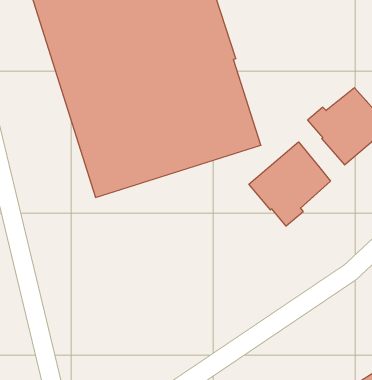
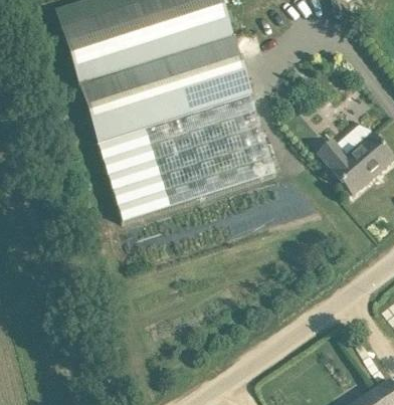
building: [249,142,330,226] -> none

